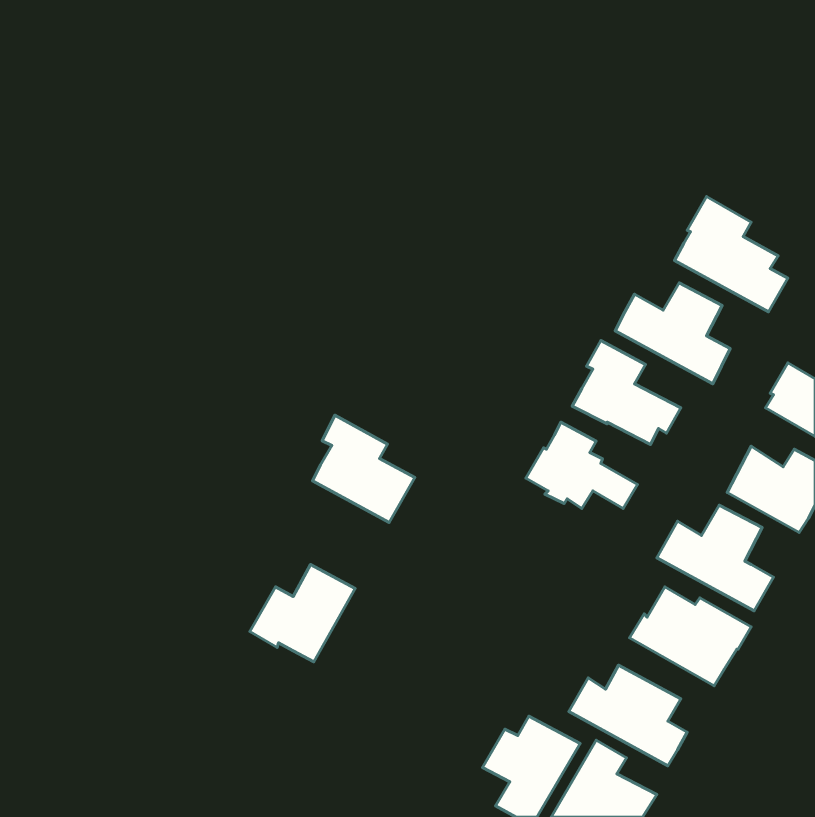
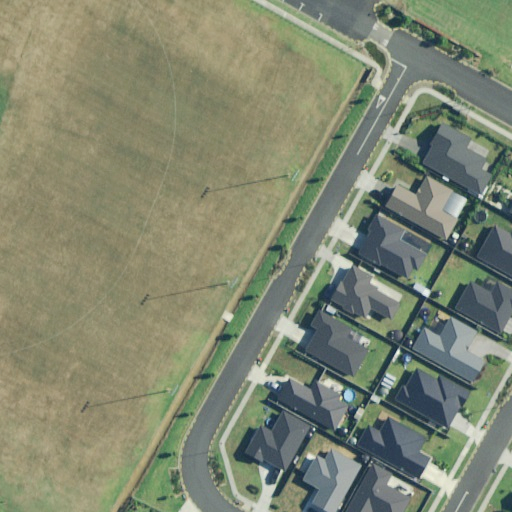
building: [313,415,415,522] -> [304,310,368,377]
building: [250,564,355,662] -> [244,410,310,471]
building: none -> [276,377,348,431]

